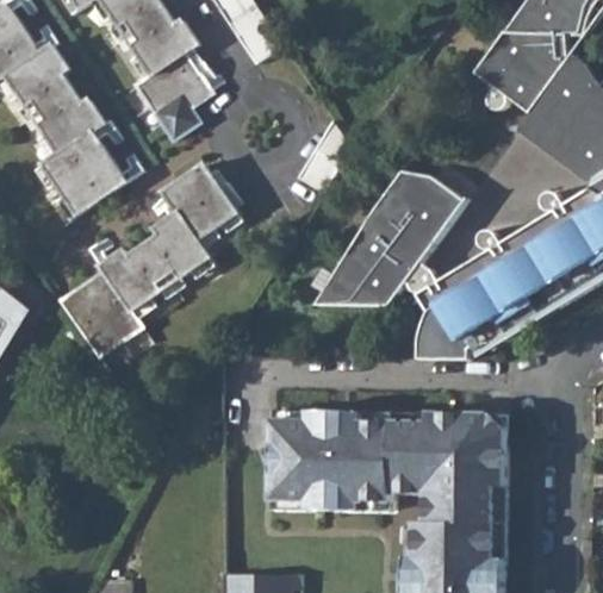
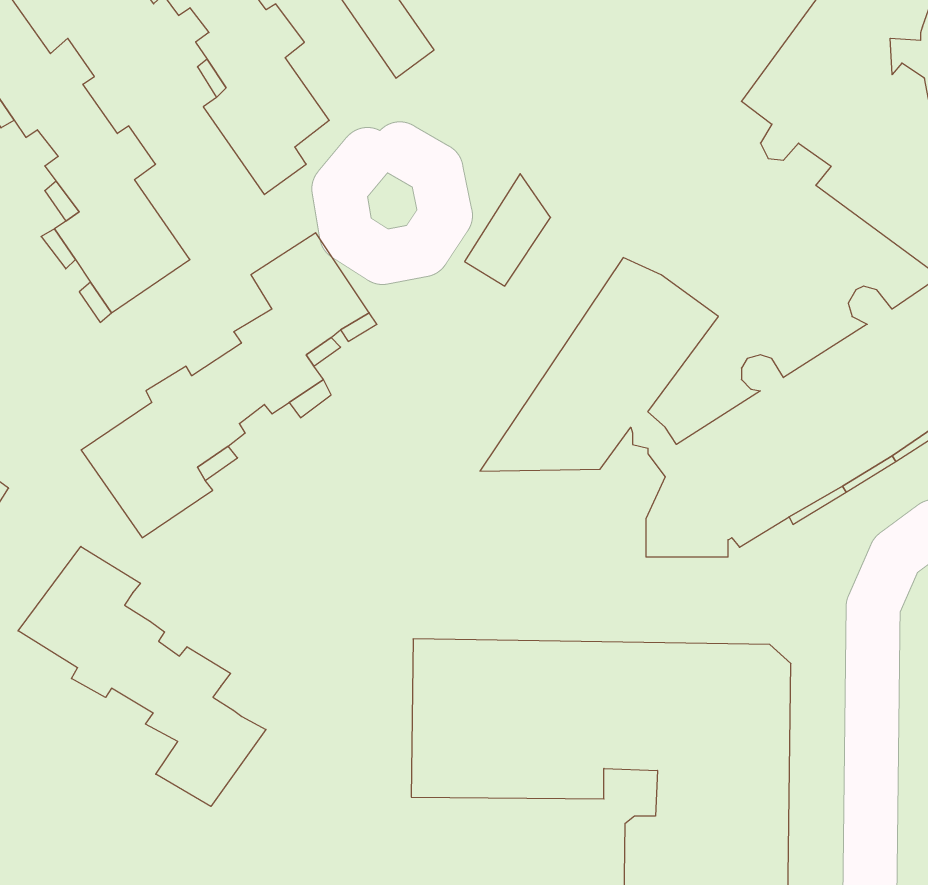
building: none -> [18,546,266,806]

